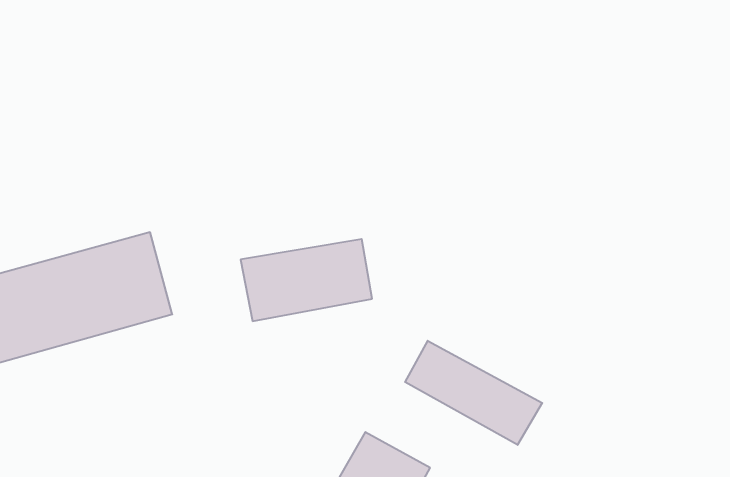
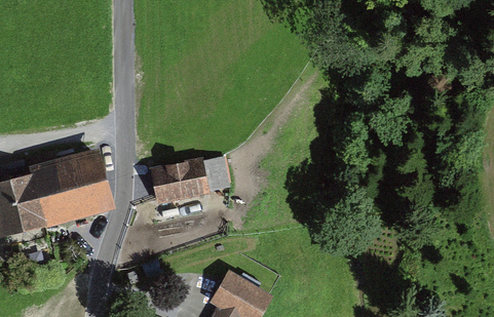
building: [405,341,542,445] -> none

